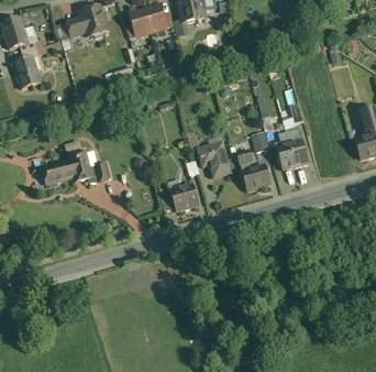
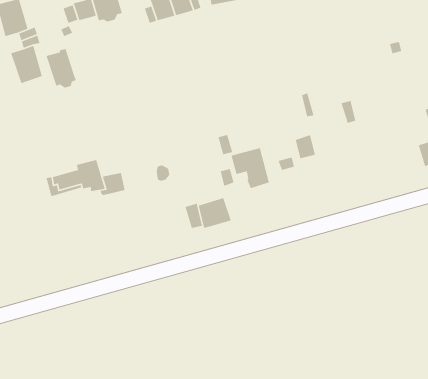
building: none -> [46,48,77,88]
building: [276,127,308,168] -> none
building: [242,164,270,189] -> none

